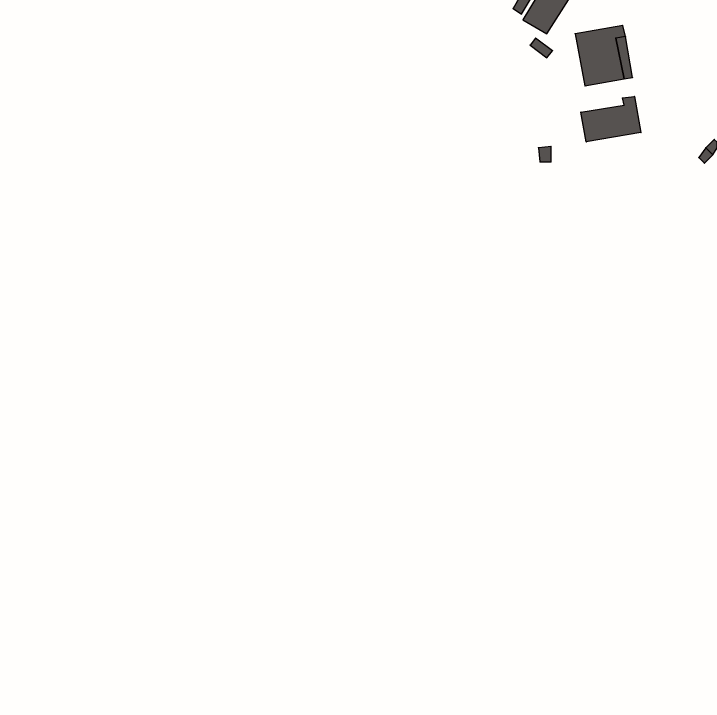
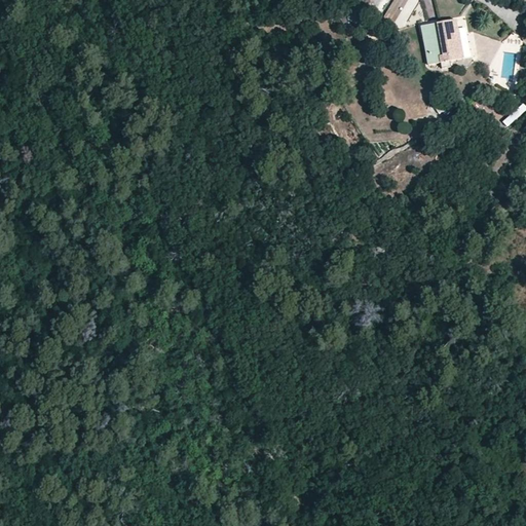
building: [581,96,641,142] -> none

